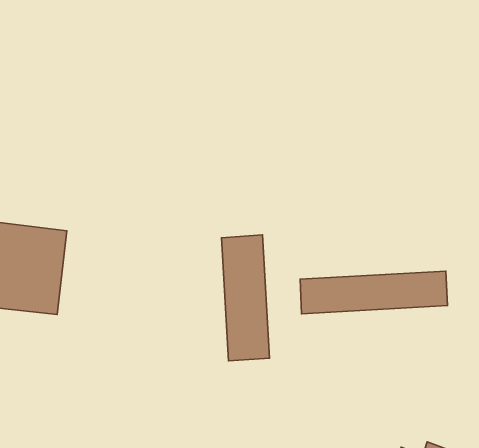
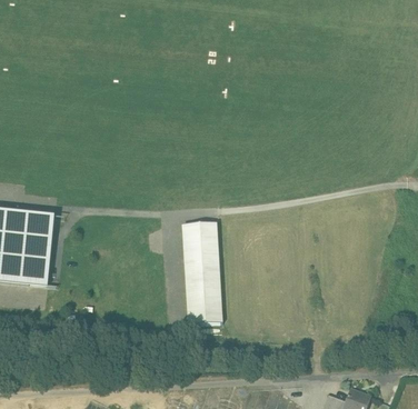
building: [300,271,447,314] -> none

